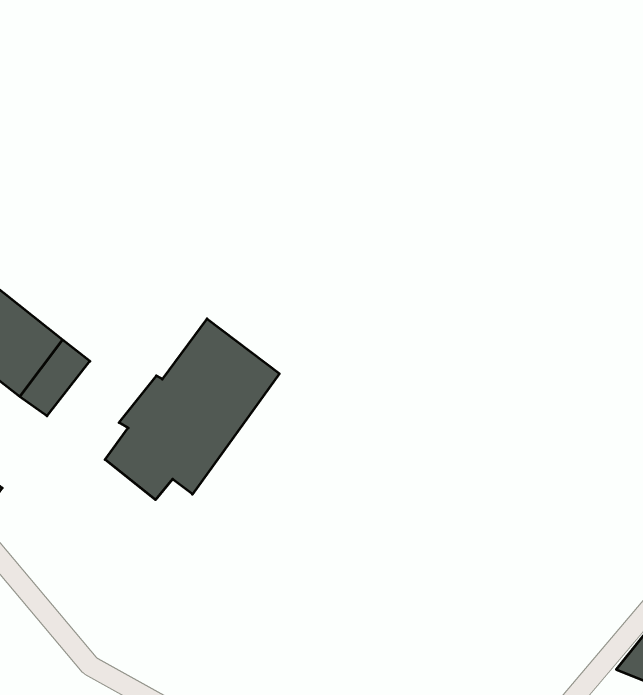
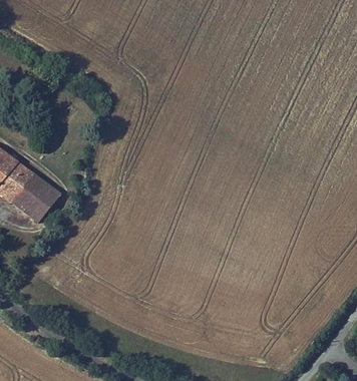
building: [105,319,279,500] -> none

